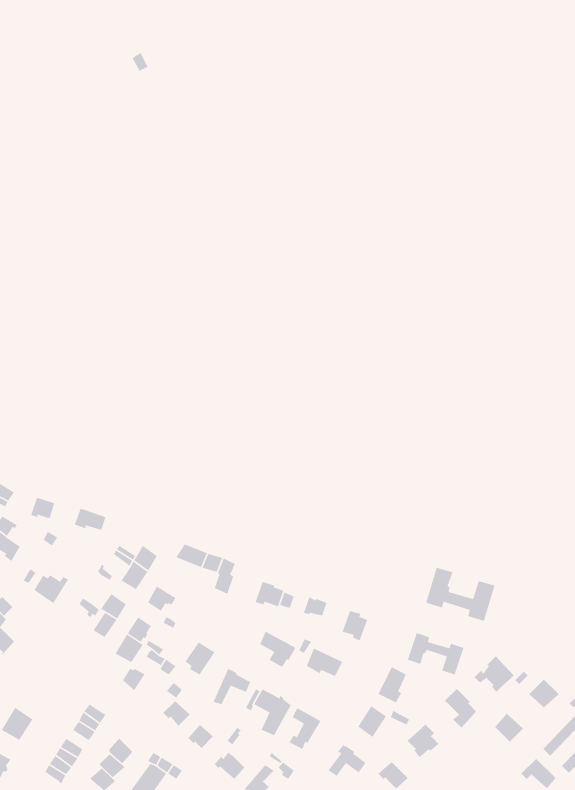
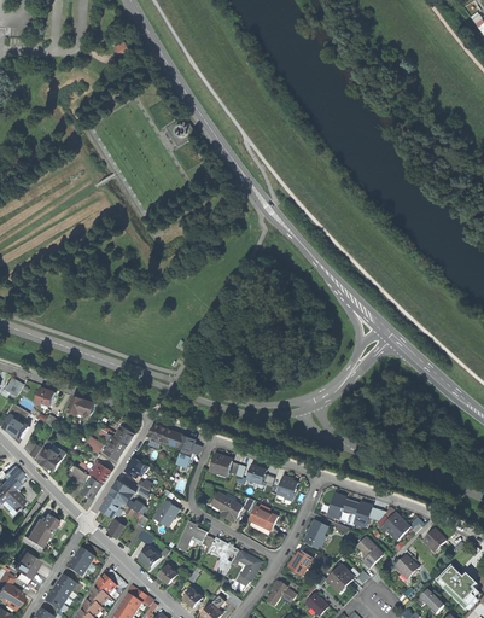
building: [425,567,495,622] -> none
building: none -> [22,513,56,550]

